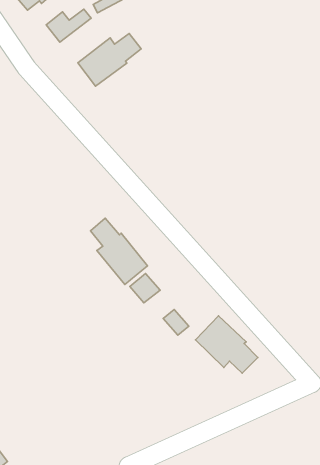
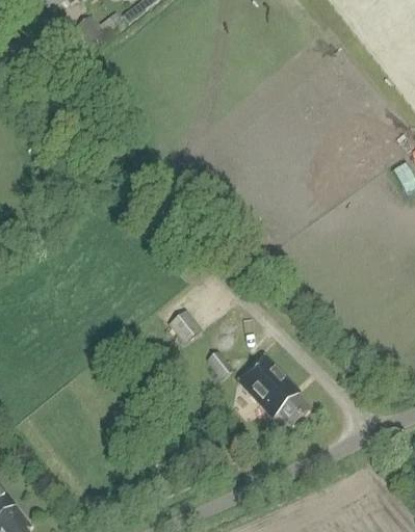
building: [78,33,141,86] -> none
building: [91,218,148,285] -> none

